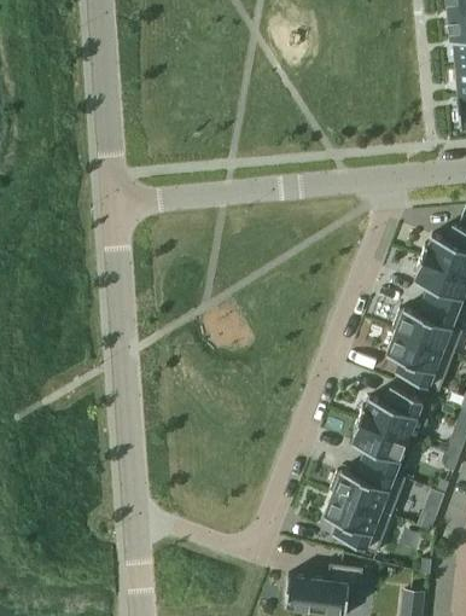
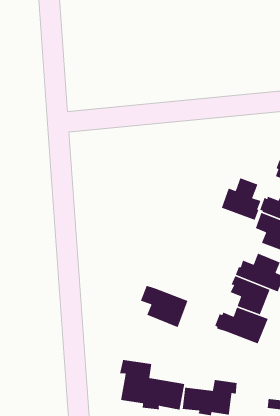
building: none -> [221,177,262,221]
building: [322,492,390,552] -> [140,285,189,328]
building: none -> [119,359,185,411]

